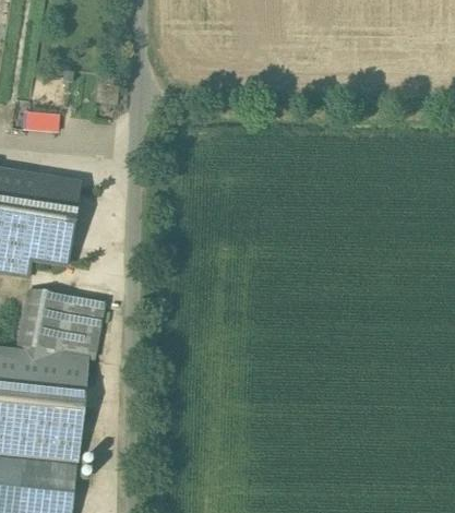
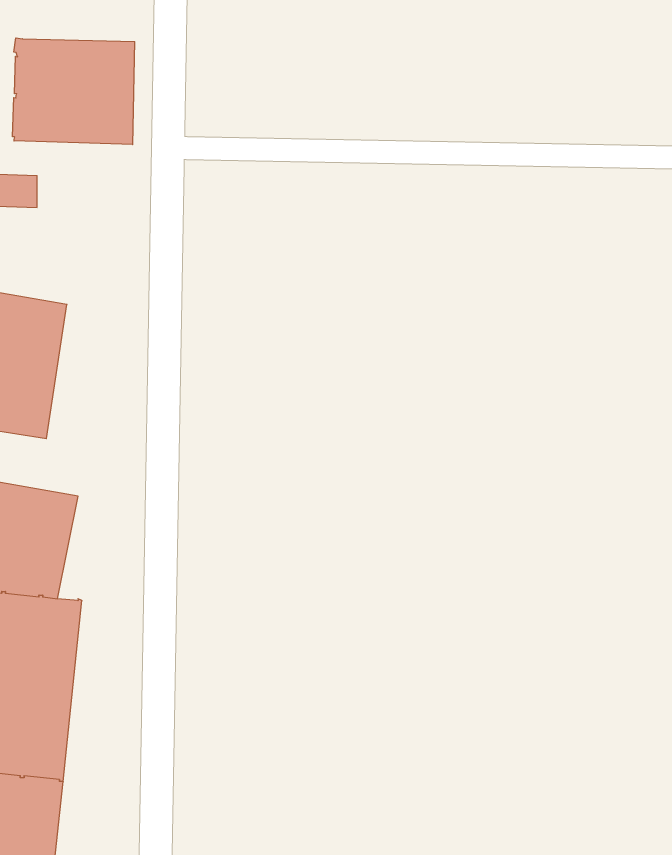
building: none -> [12,38,135,145]
building: [72,297,101,359] -> none

